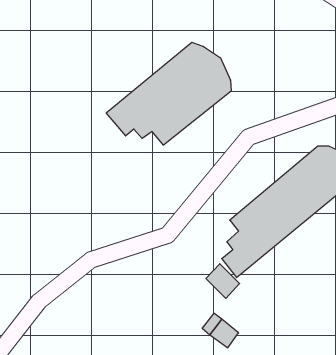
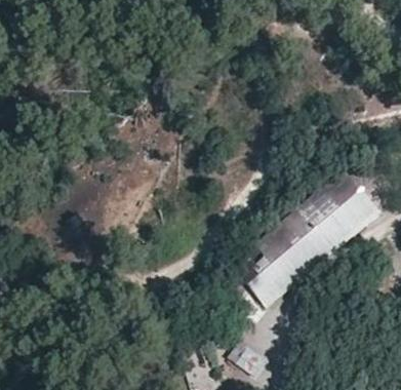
building: [106,42,231,145] -> none

